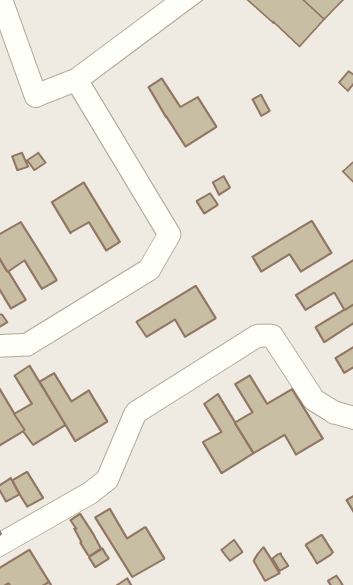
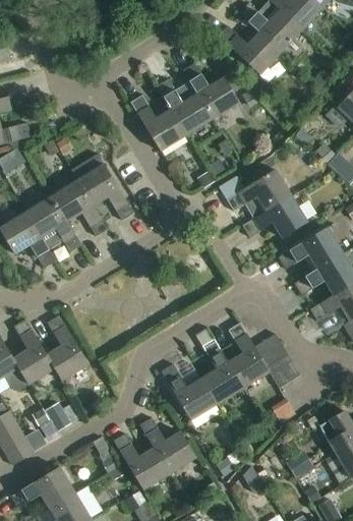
building: none -> [218,25,281,74]
building: none -> [182,62,239,118]
building: none -> [130,95,187,151]
building: none -> [52,180,108,236]
building: [136,286,216,337] -> [226,169,291,211]
building: [39,373,107,441] -> [161,363,217,419]
building: none -> [139,417,196,473]

